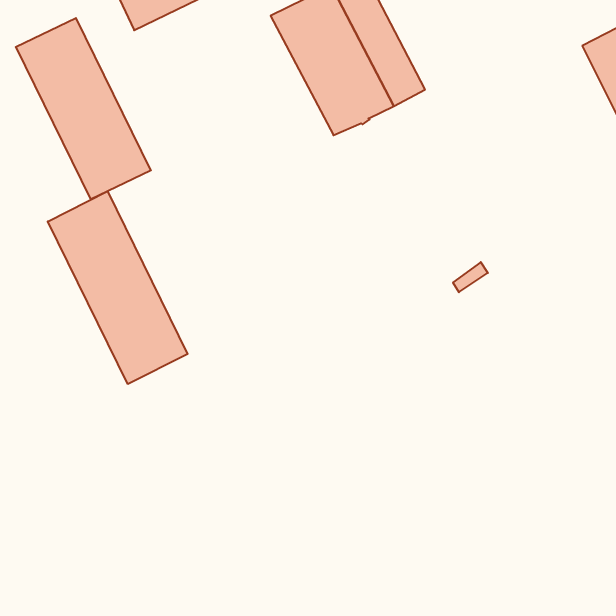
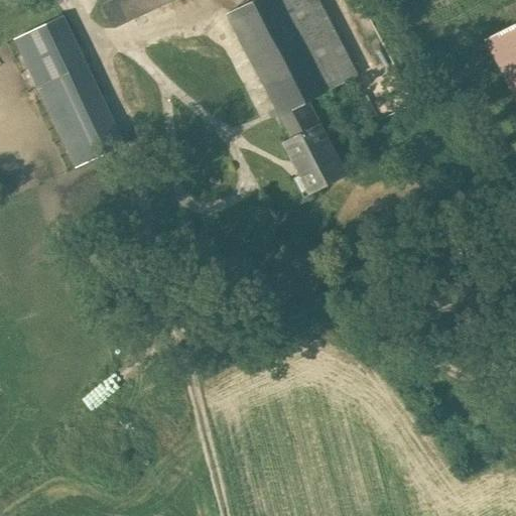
building: none -> [278,103,344,196]
building: [48,191,188,384] -> none

